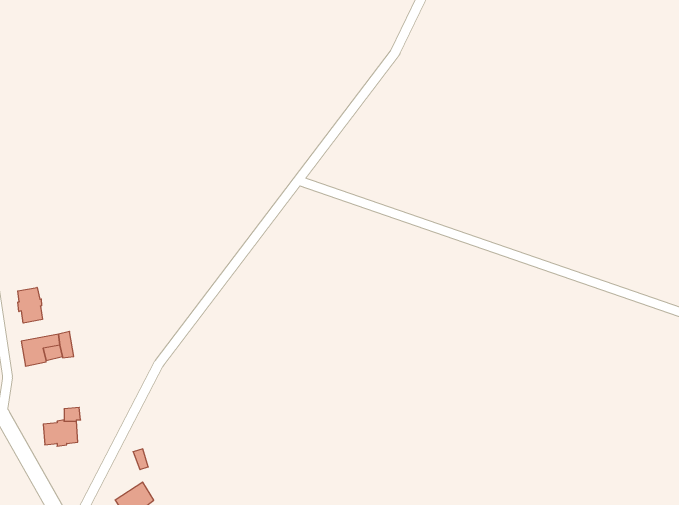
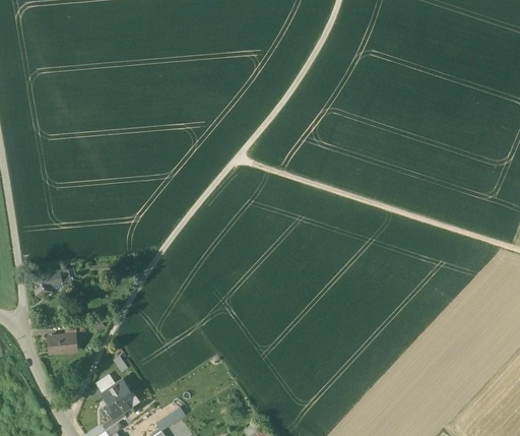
building: [18,287,42,323] -> none

